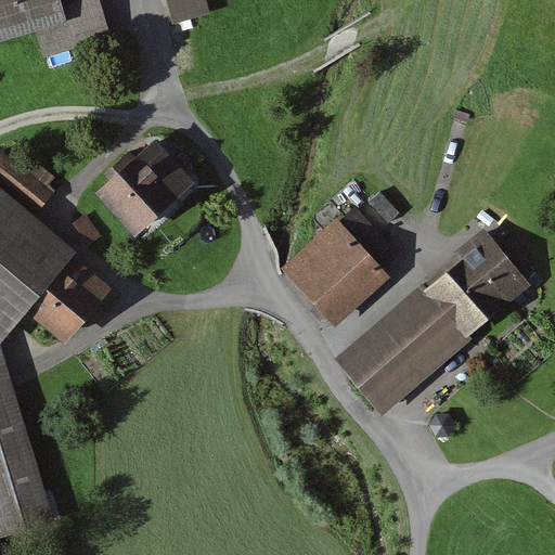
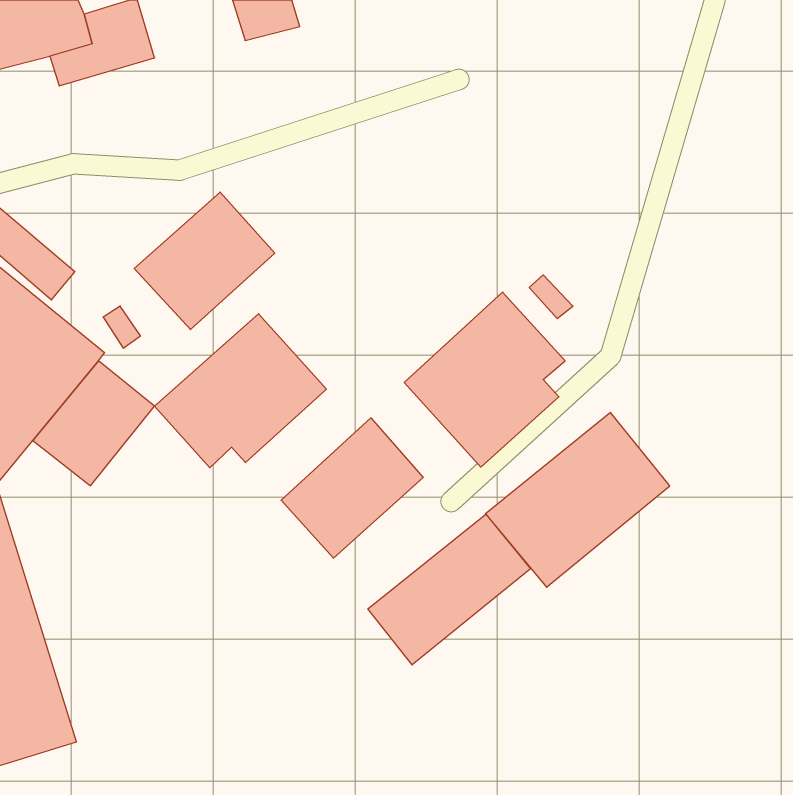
building: none -> [155,314,326,468]
building: [424,223,533,339] -> none
building: none -> [281,418,423,558]
building: none -> [368,514,530,665]

